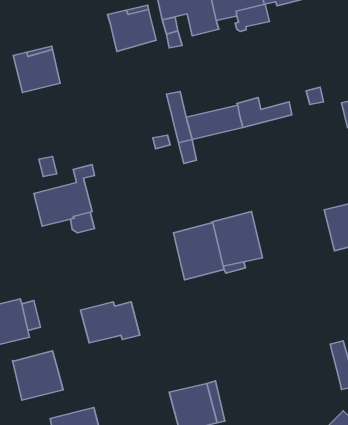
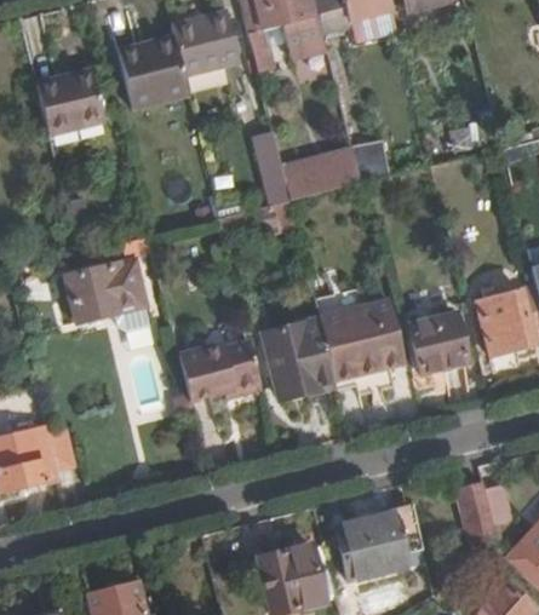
building: none -> [117,35,185,107]
building: none -> [407,311,468,374]
building: [81,302,140,343] -> [176,341,259,400]
building: none -> [454,481,497,550]
building: [13,351,63,400] -> none
building: none -> [333,506,422,580]

